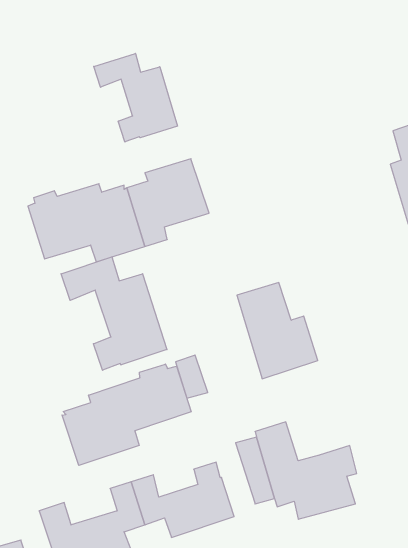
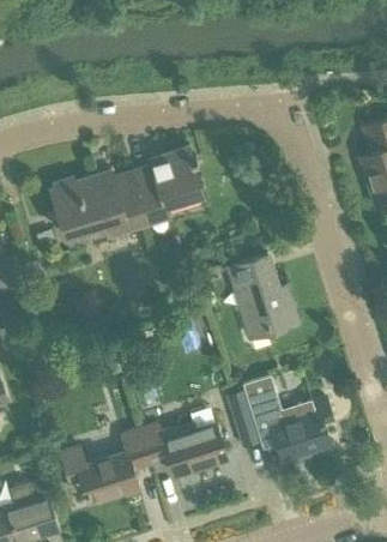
building: [94,53,178,142] -> none
building: [61,257,167,370] -> none
building: [62,364,191,465] -> none

